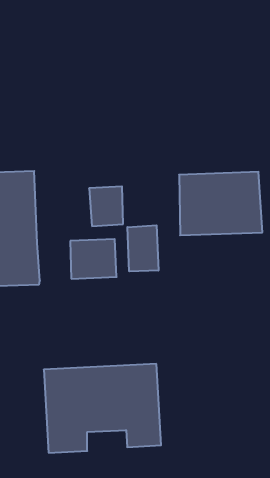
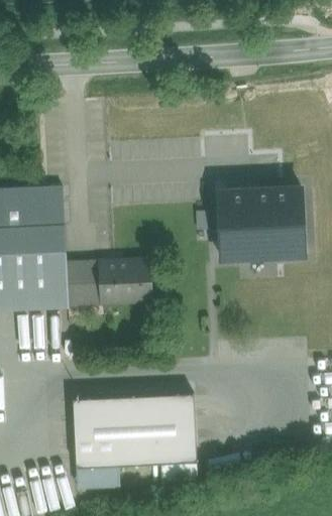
building: [89,186,123,226] -> [66,262,102,304]
building: [127,225,158,271] -> none

